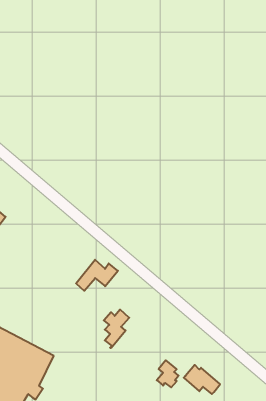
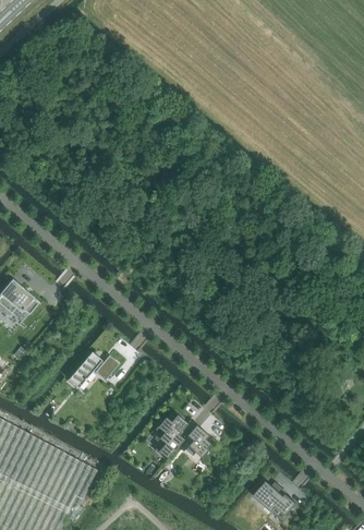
building: [76,260,118,291] -> [69,351,119,388]
building: [157,360,179,387] -> [184,425,210,458]

